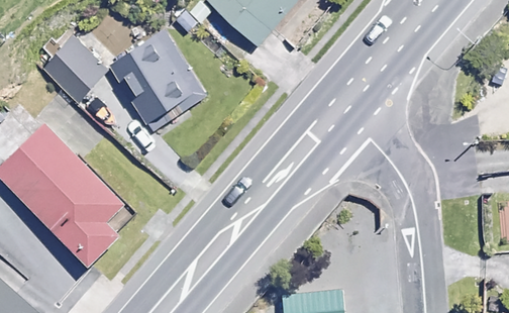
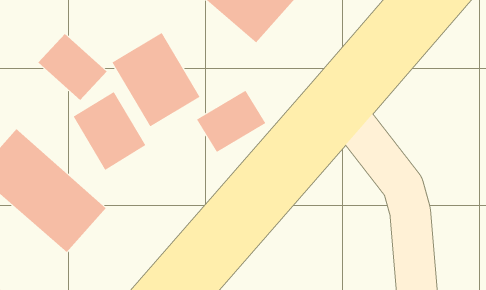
building: none -> [196,90,266,153]
building: none -> [73,91,146,171]

